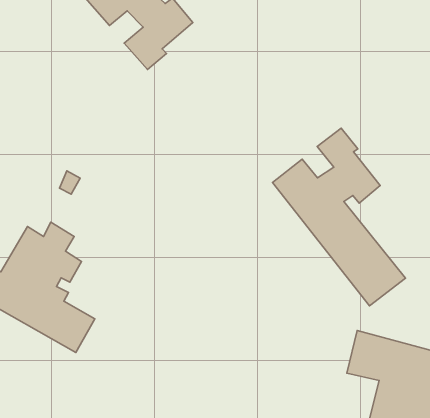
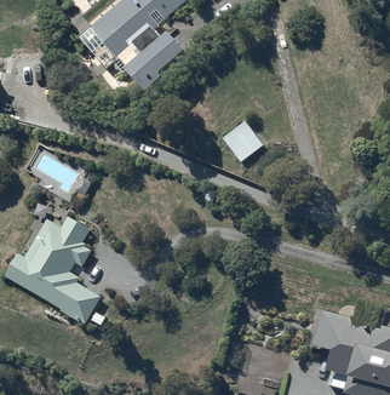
building: none -> [220,120,262,161]
building: [272,128,405,306] -> none

